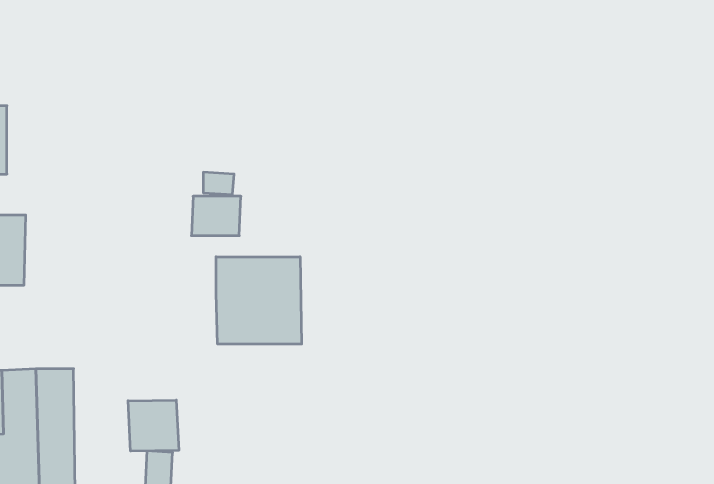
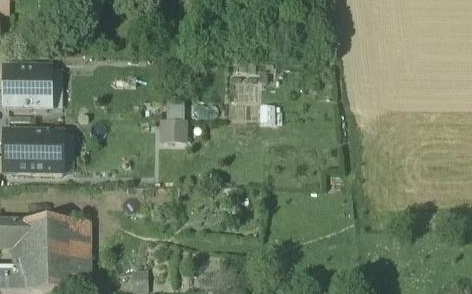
building: [216,257,302,344] -> none
building: [128,400,179,451] -> none

